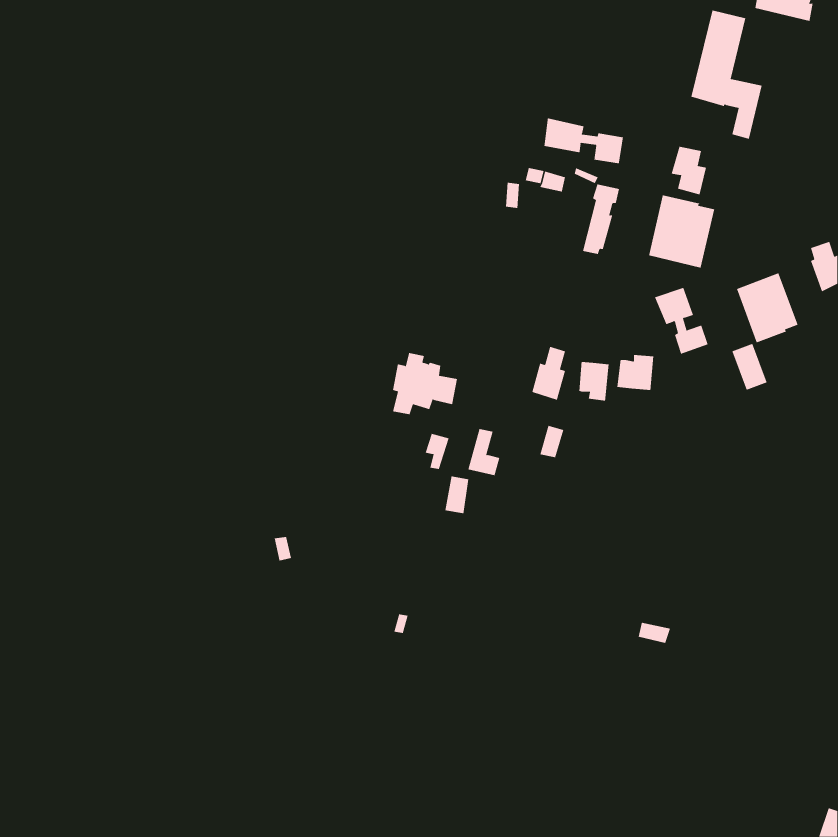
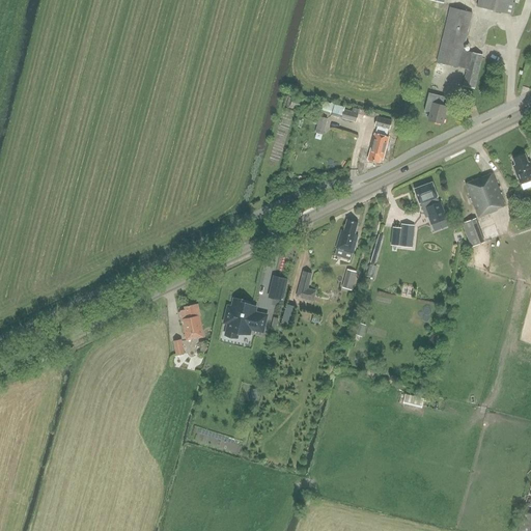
building: [544,118,623,164] -> none
building: [649,194,715,269] -> none
building: [392,352,458,415] -> [224,297,266,336]
building: [579,361,609,401] -> none
building: none -> [179,303,204,340]

